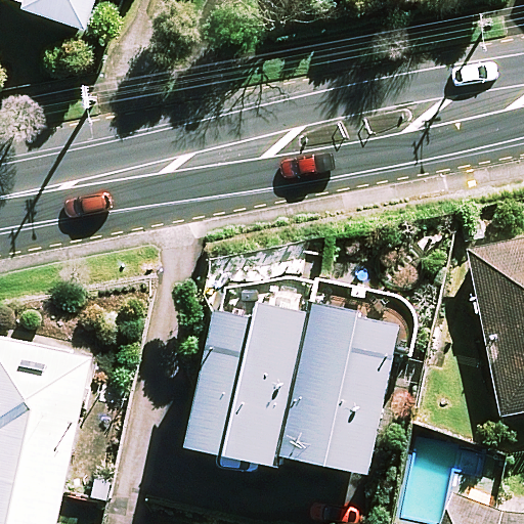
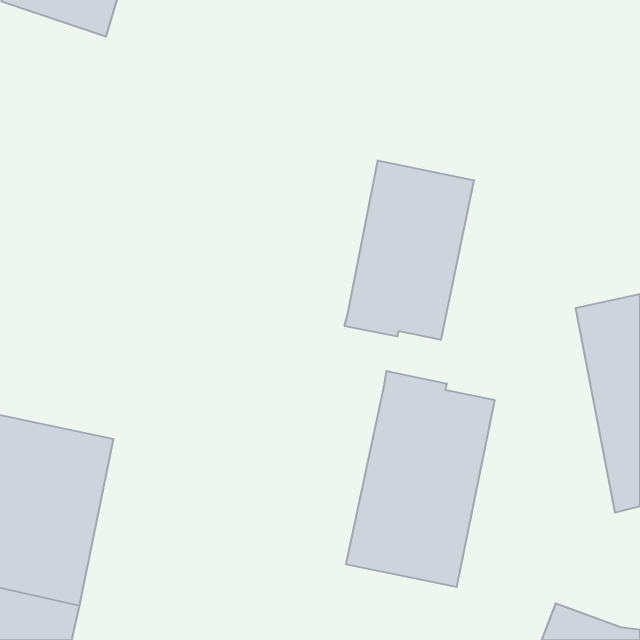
building: none -> [345,160,474,340]
building: [188,303,311,468] -> none

